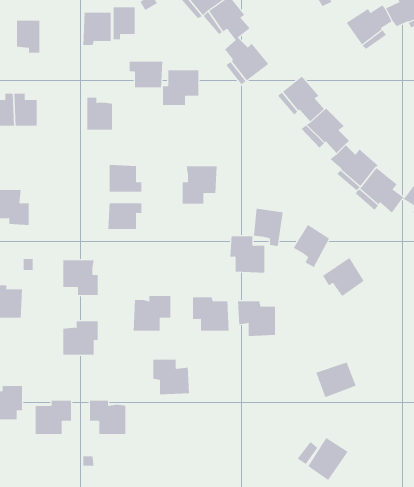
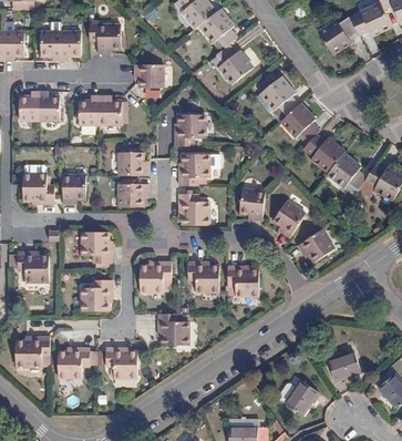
building: [113,7,135,40] -> [61,30,80,58]
building: [162,70,199,106] -> [175,115,206,145]
building: none -> [80,94,100,122]
building: none -> [62,174,84,202]
building: [229,236,265,273] -> [178,192,208,223]
building: [315,362,356,398] -> [327,351,361,381]

